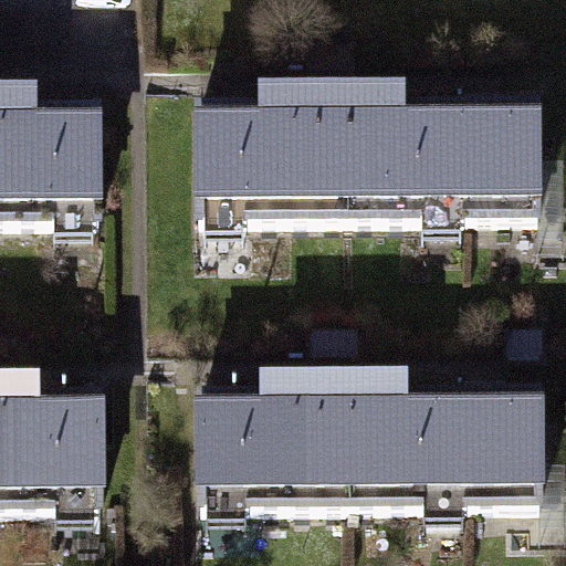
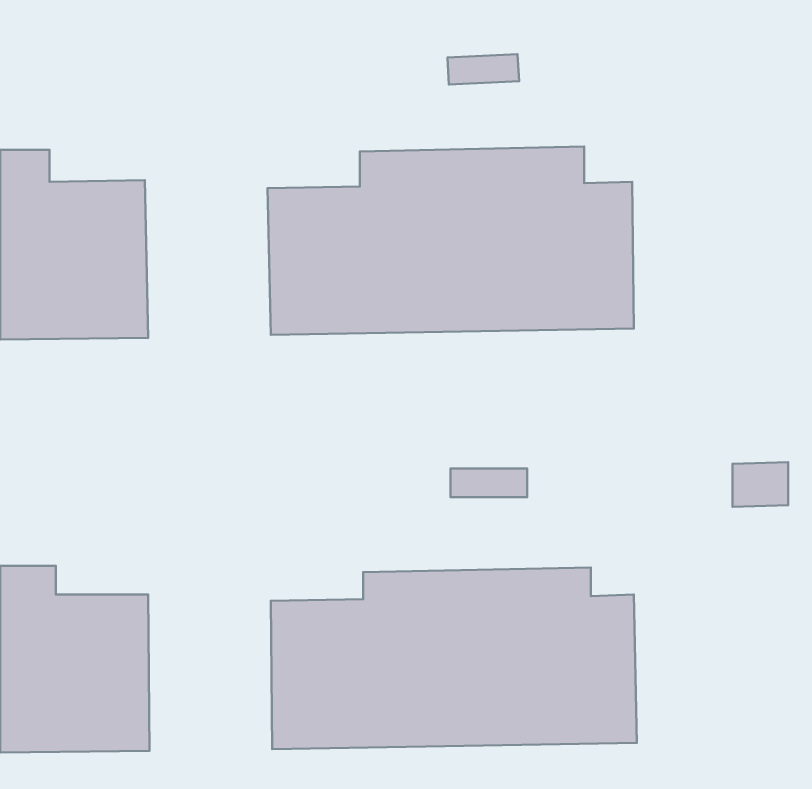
building: [440,125,539,228] -> none
building: [441,411,541,515] -> none

